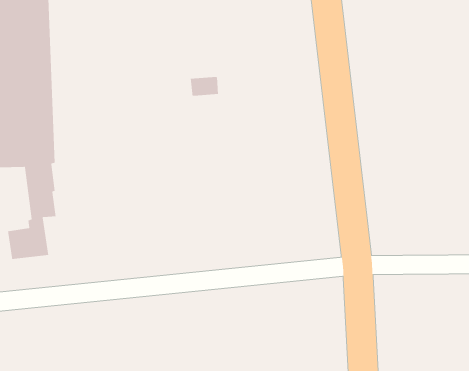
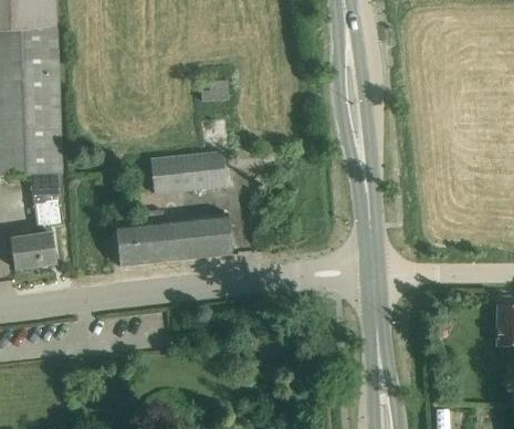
building: none -> [151,151,225,193]
building: none -> [116,211,232,266]

